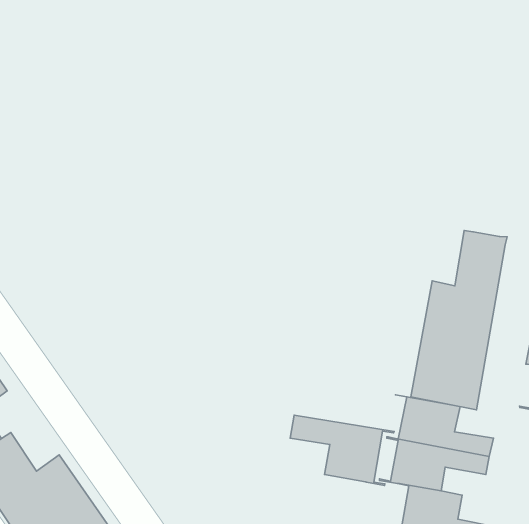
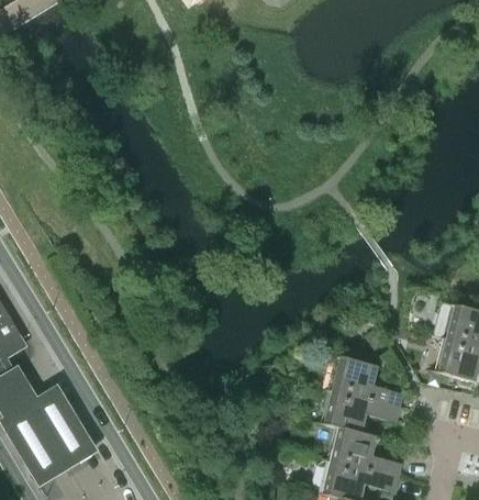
building: [411,230,507,410] -> none
building: [290,415,394,485] -> none

